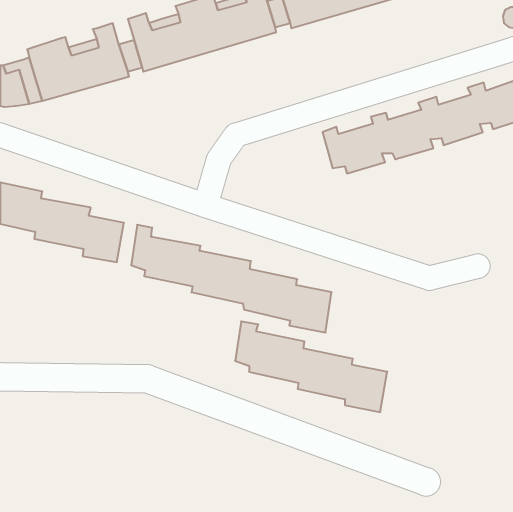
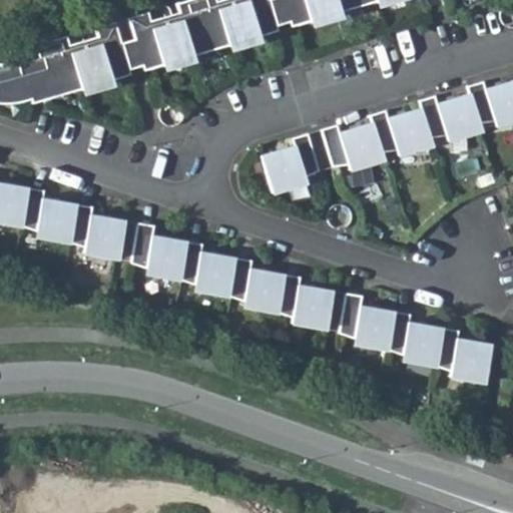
building: none -> [261,135,320,195]
building: [235,321,387,412] -> [340,295,491,385]

